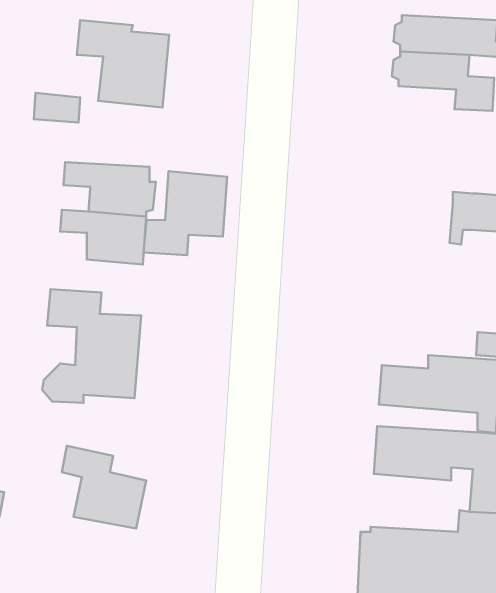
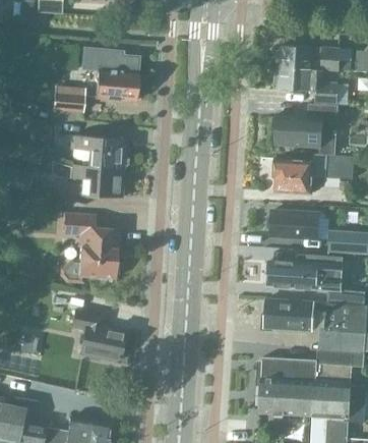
building: none -> [275,103,333,147]
building: [144,171,227,255] -> none
building: none -> [273,158,313,193]
building: none -> [270,211,319,237]

